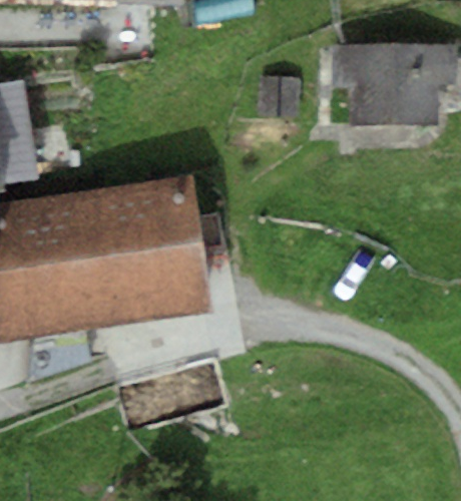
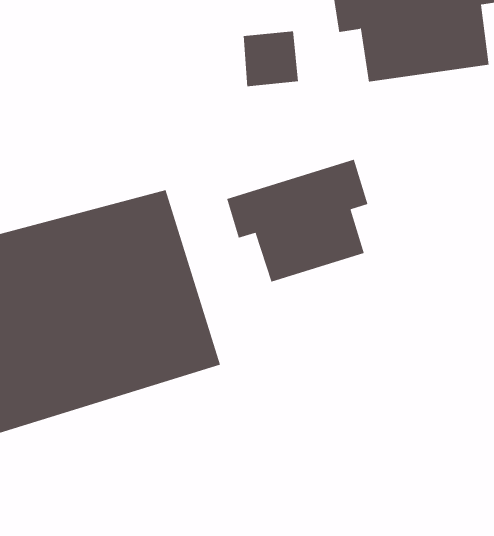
building: none -> [226,159,368,283]

